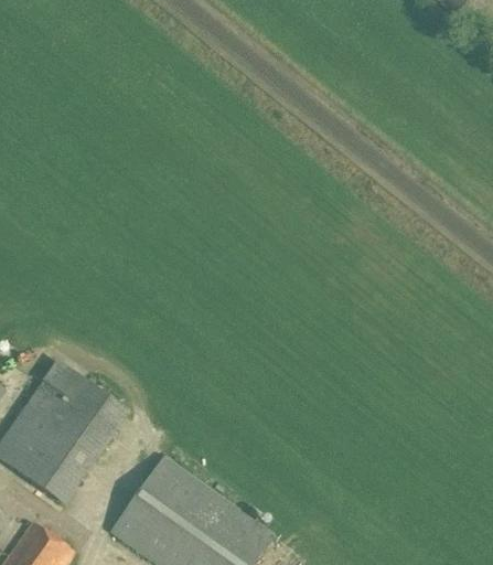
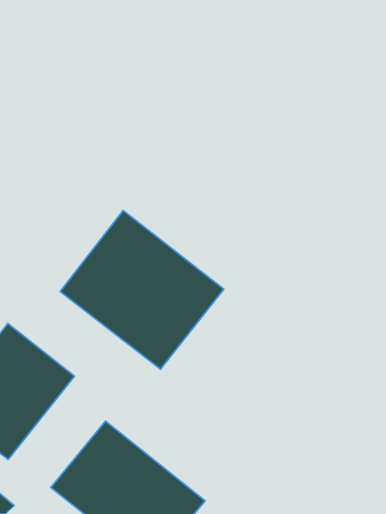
building: none -> [60,210,224,369]

